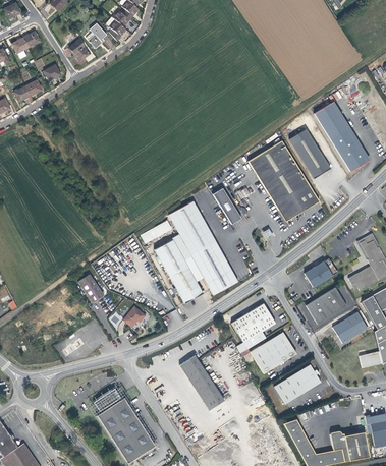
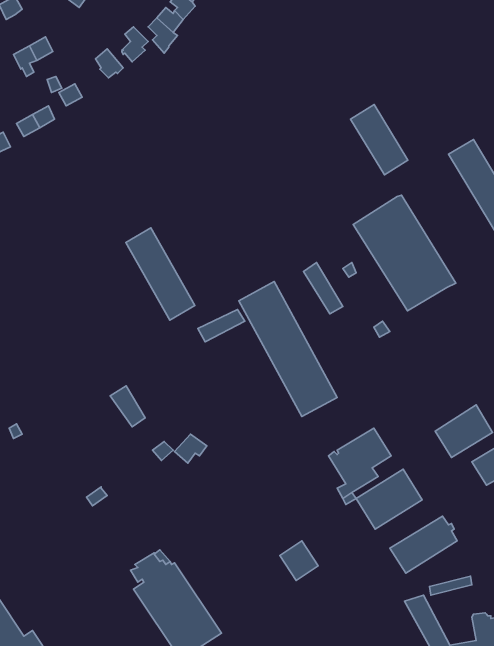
building: [290,129,330,178] -> [351,105,408,175]
building: [156,239,204,303] -> [126,228,195,320]
building: [305,258,337,288] -> none
building: [179,353,213,392] -> none

